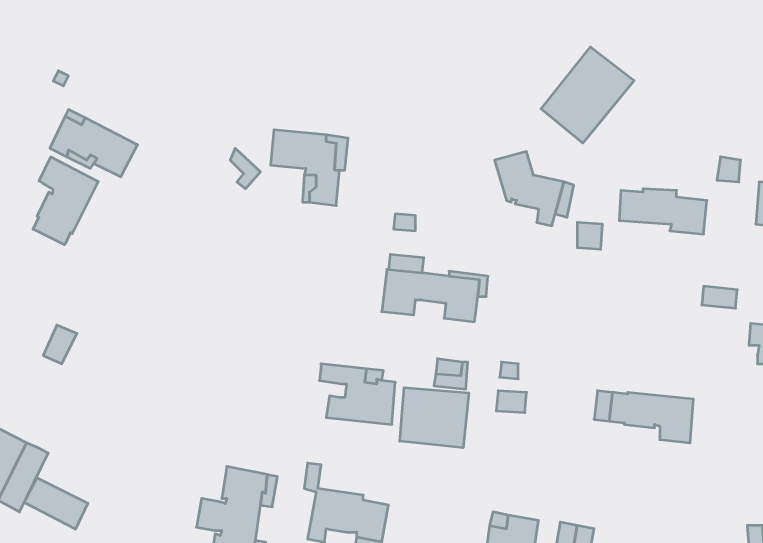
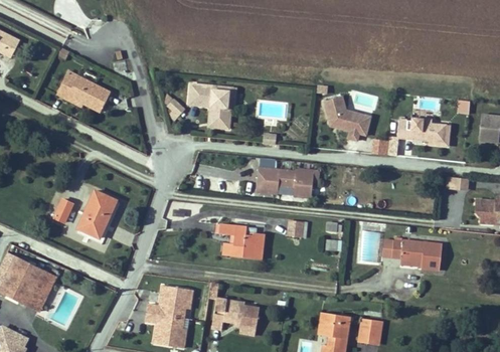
building: [541,47,634,143] -> none
building: [33,157,98,245] -> none
building: none -> [76,191,118,239]
building: [400,388,469,448] -> none
building: [24,478,88,529] -> none

